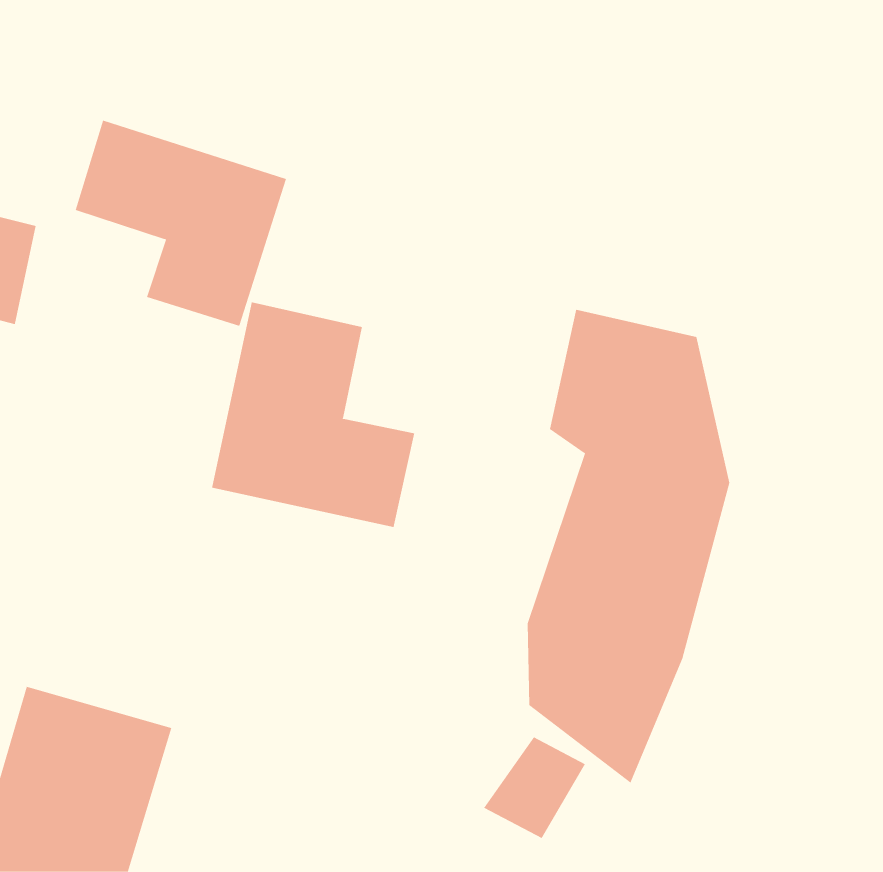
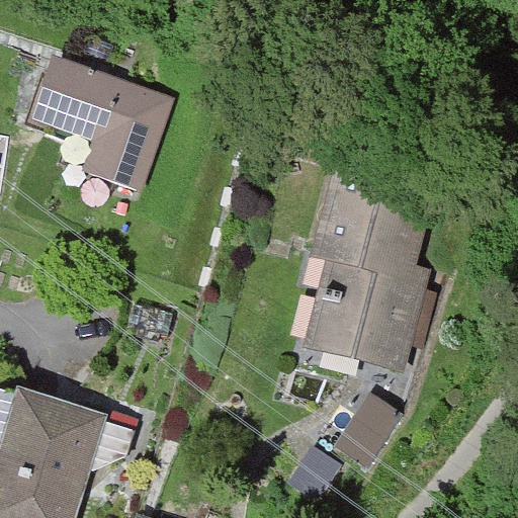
building: [211,301,415,528] -> none

